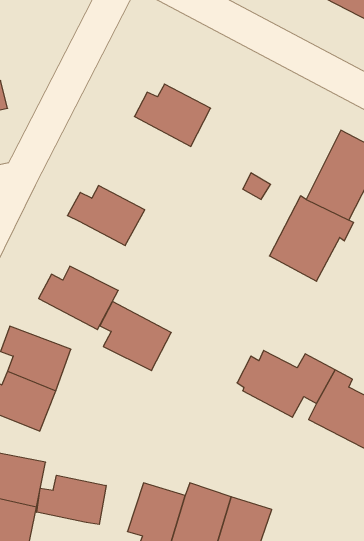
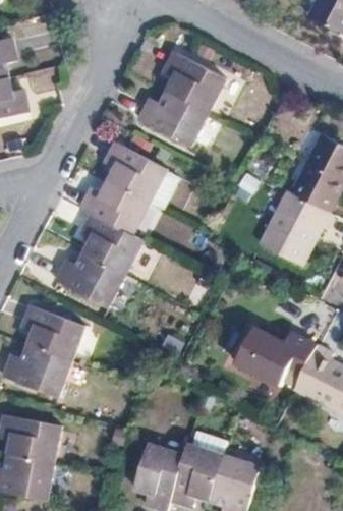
building: none -> [162,52,224,113]
building: none -> [103,141,176,210]
building: [100,301,171,371] -> [78,213,141,274]
building: [37,475,106,524] -> none

